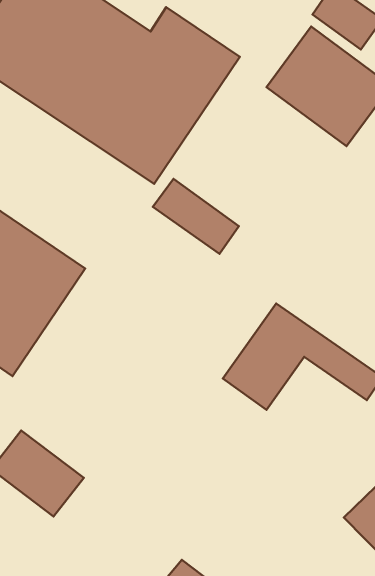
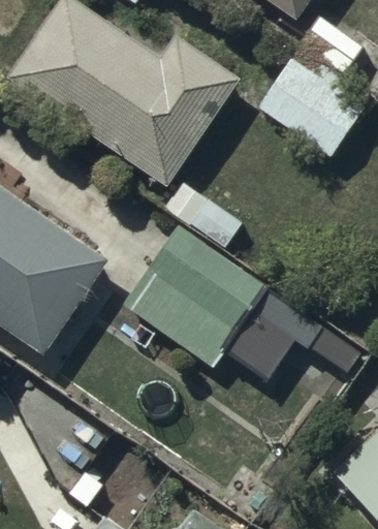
building: none -> [126,227,266,365]

